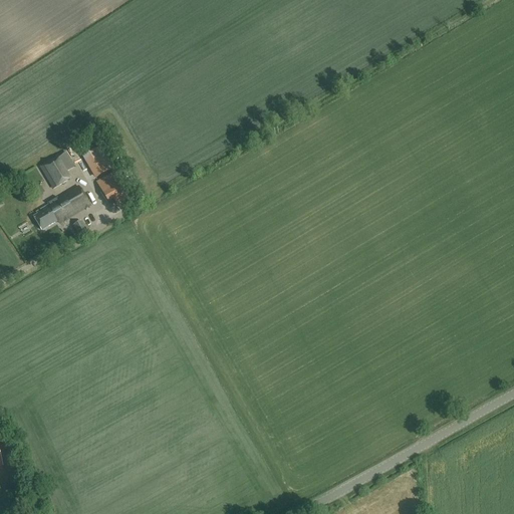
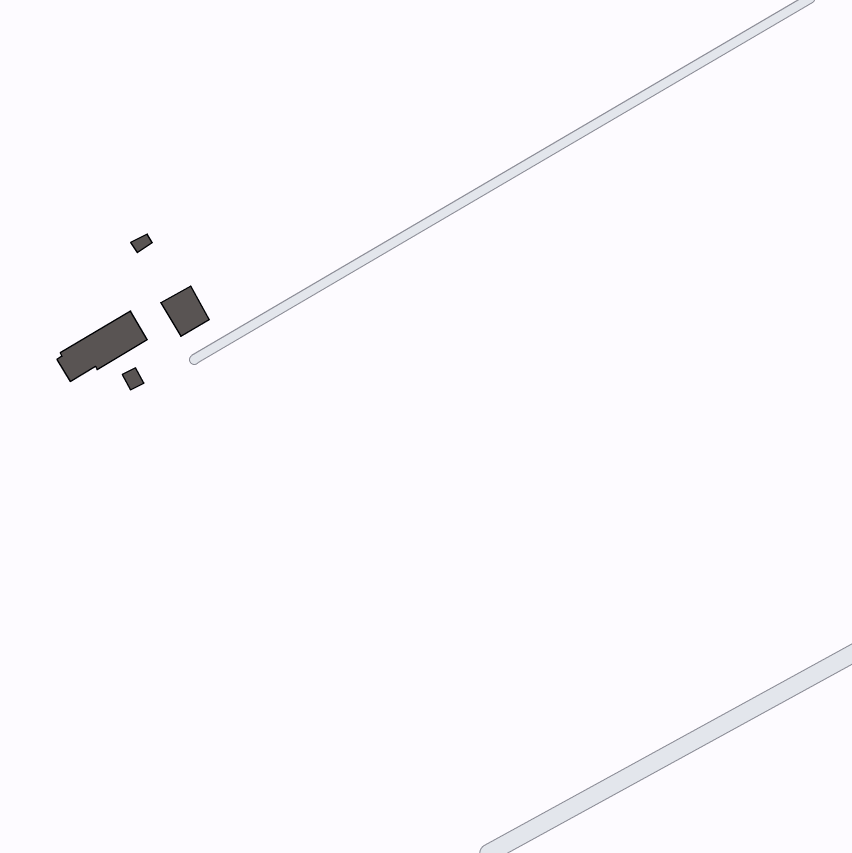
building: [82,149,108,175] -> none
building: [41,156,73,190] -> none

